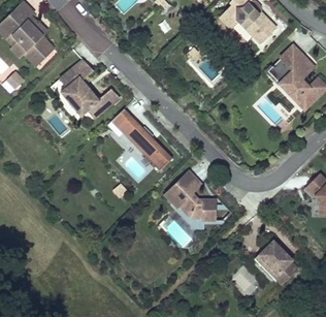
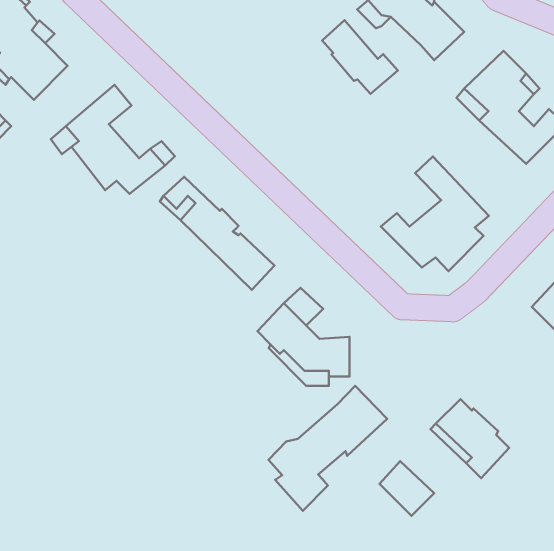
building: none -> [322,20,398,94]
building: none -> [381,157,489,271]
building: none -> [269,386,387,511]

